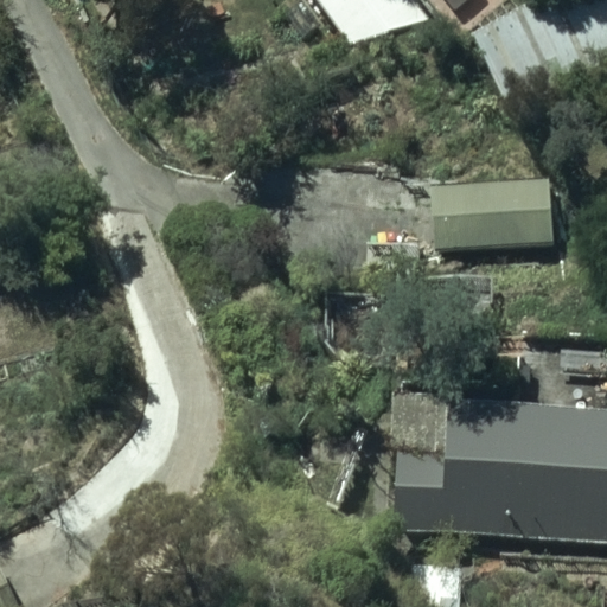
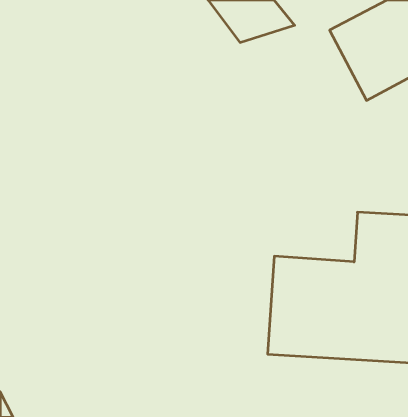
building: [443,192,567,263] -> none

